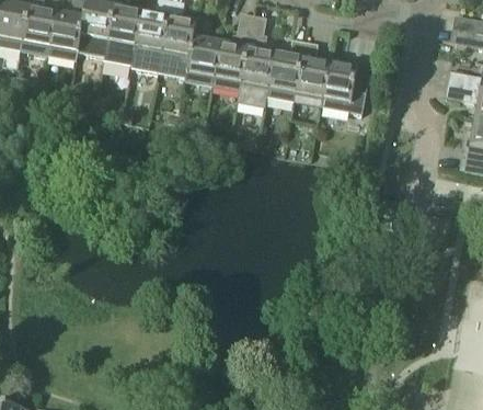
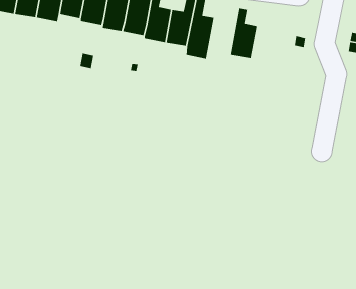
building: [266,38,304,101] -> none
building: [321,59,369,113] -> none

